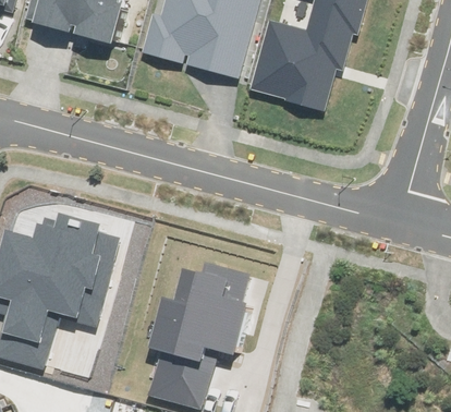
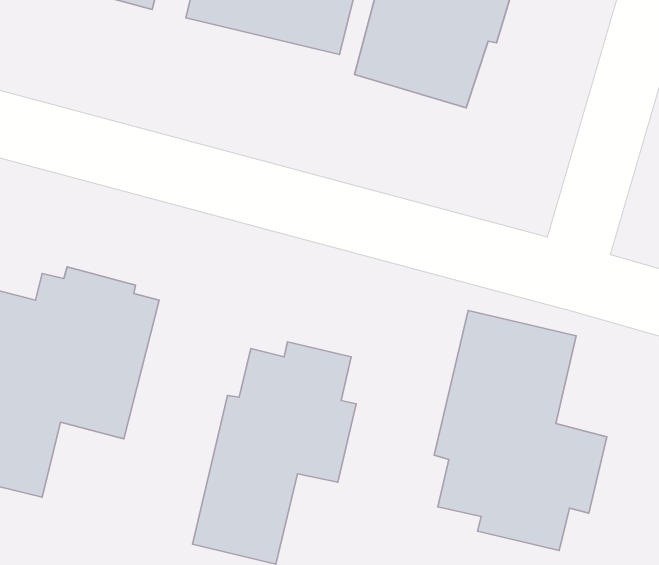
building: none -> [434,311,607,550]

